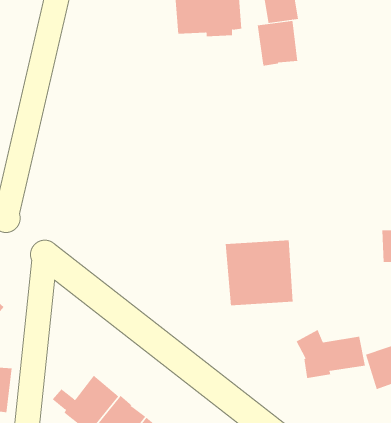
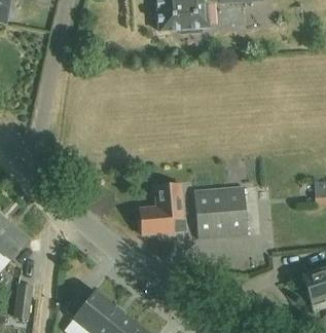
building: [257,20,298,67] -> none
building: none -> [141,184,185,234]
building: [296,329,366,379] -> none

